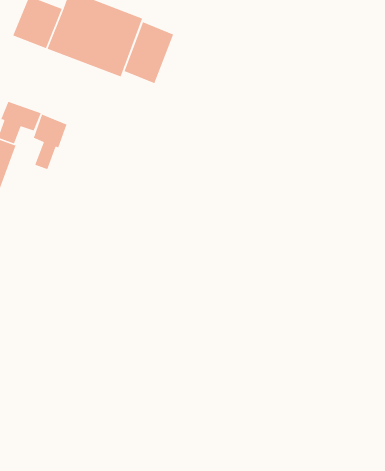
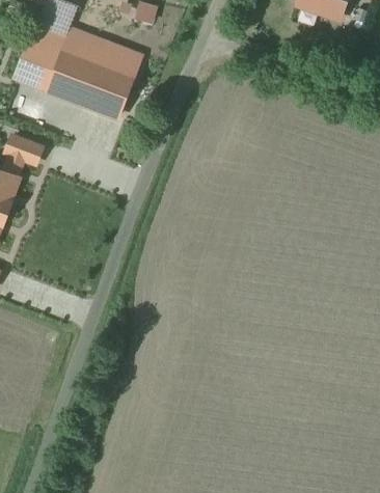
building: [123,21,174,84] -> none
building: [33,114,67,170] -> none

